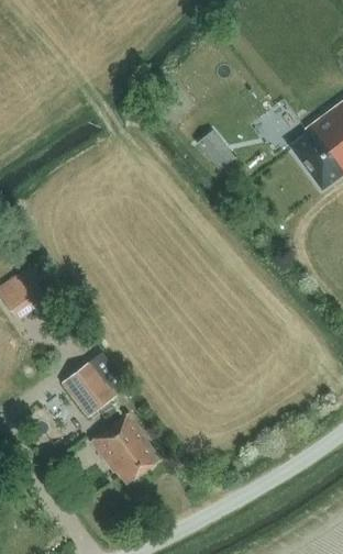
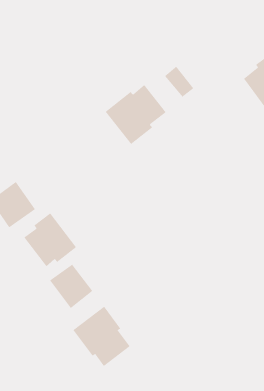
building: none -> [105,84,166,145]
building: none -> [24,212,77,267]

